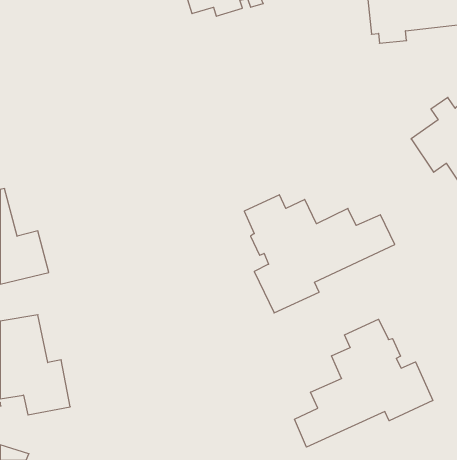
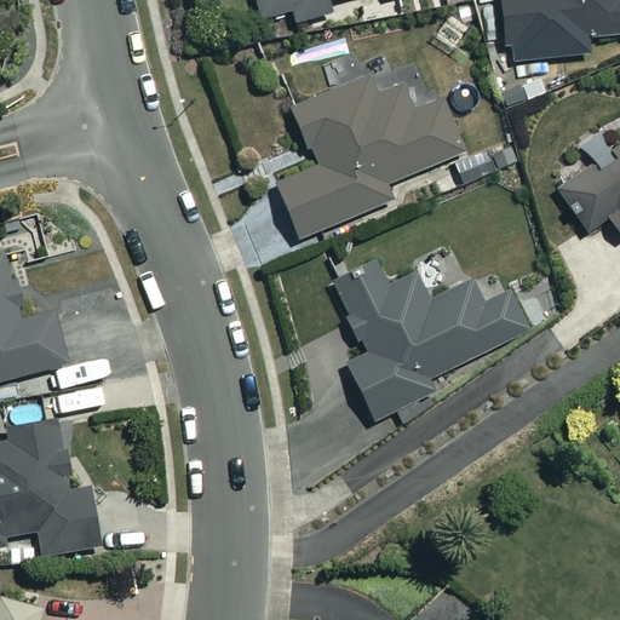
building: none -> [275,67,463,237]
building: [294,319,433,447] -> none

